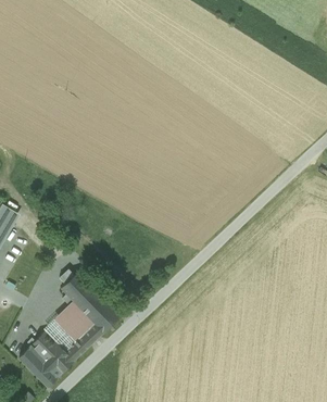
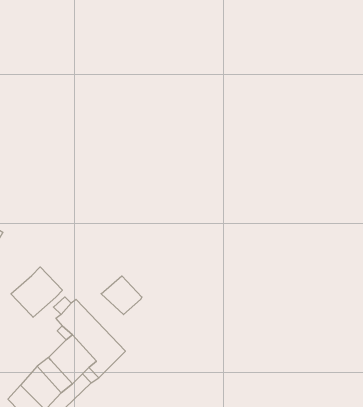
building: none -> [11,267,62,317]
building: none -> [101,276,142,315]

